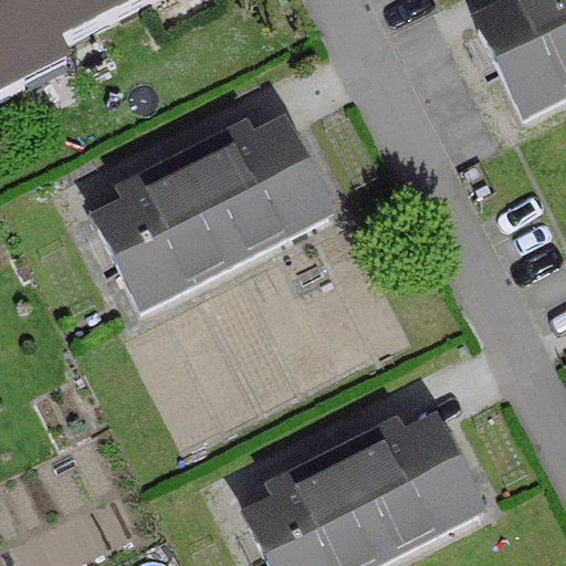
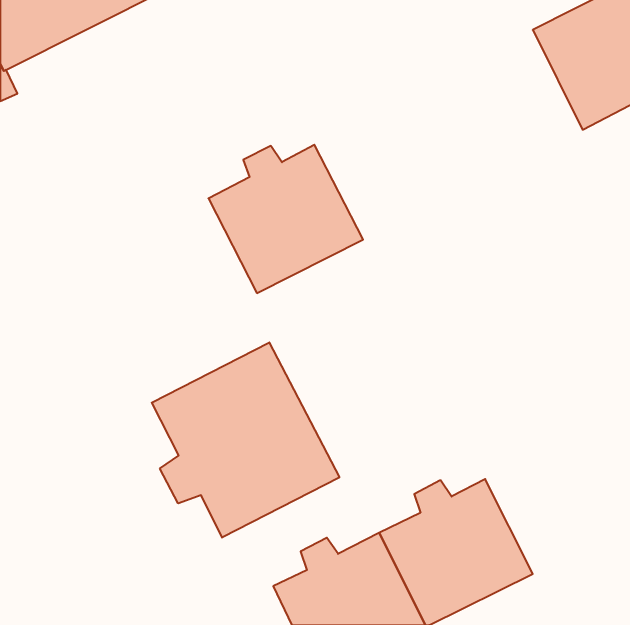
building: [97,176,234,307] -> none
building: none -> [152,342,339,538]

